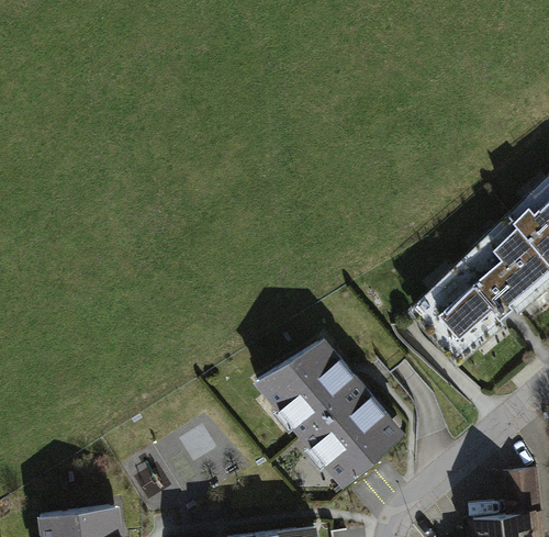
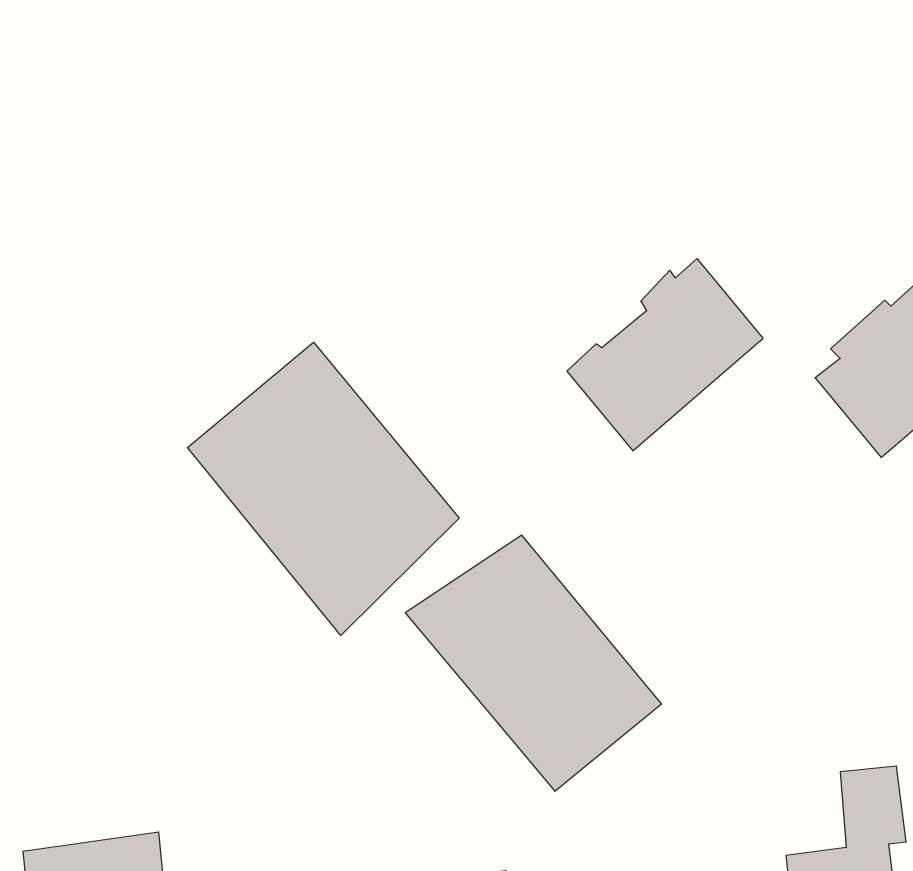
building: none -> [187,342,459,635]
building: [416,248,527,357] -> [567,259,763,451]

